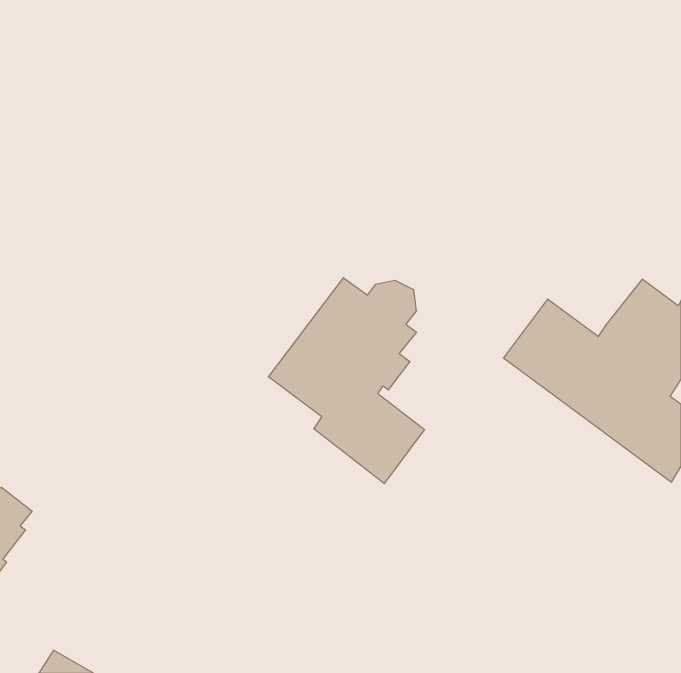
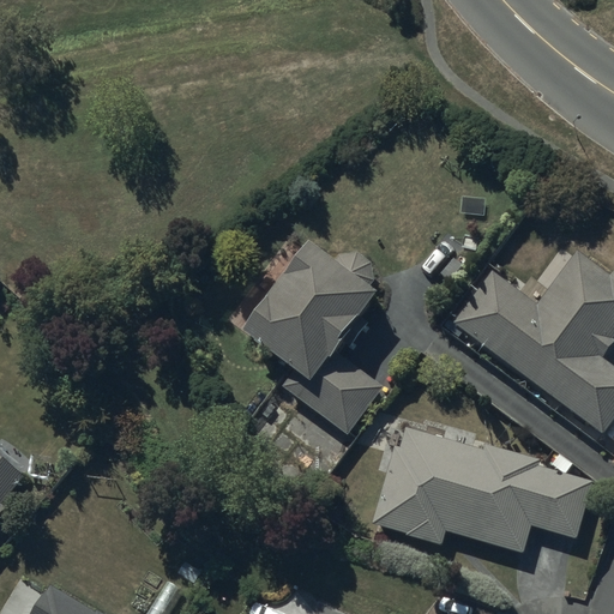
building: none -> [371,427,592,552]

